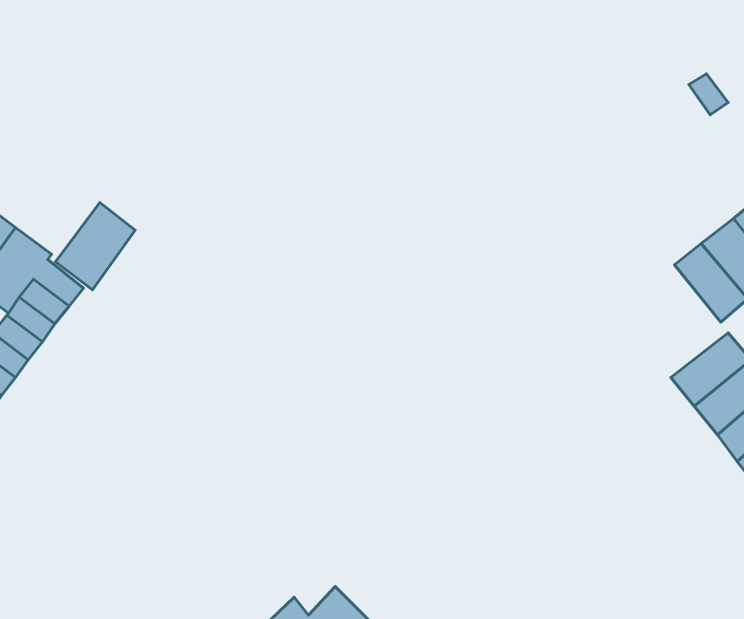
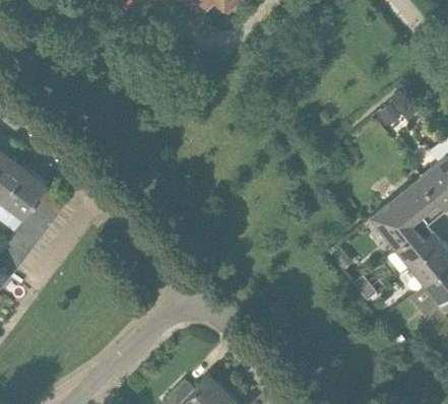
building: [55,202,135,290] -> none
building: none -> [370,193,433,257]

